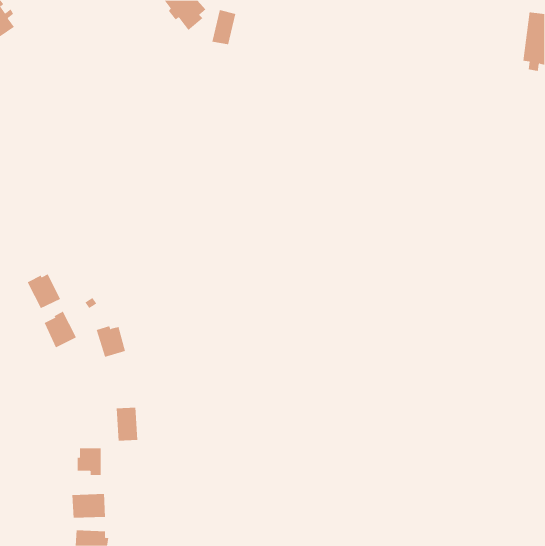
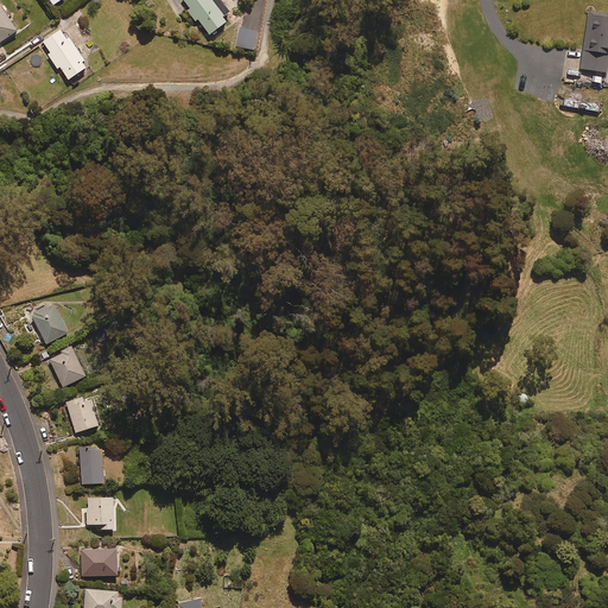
building: none -> [42,27,87,78]
building: [96,325,126,357] -> [65,397,99,432]
building: [116,407,138,441] -> [78,445,103,483]

